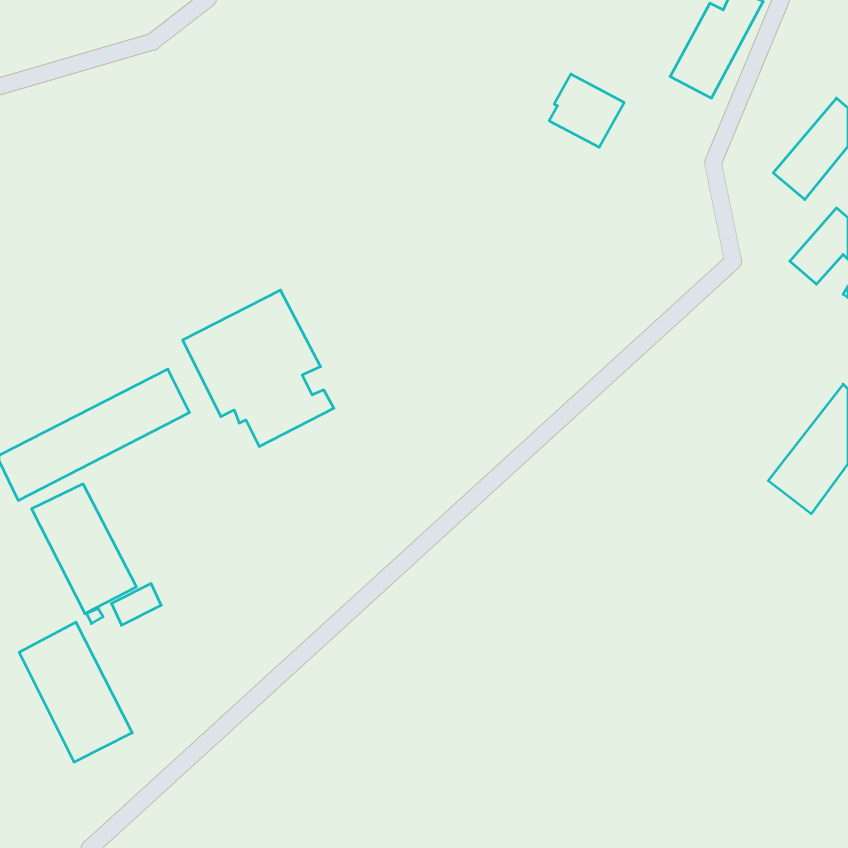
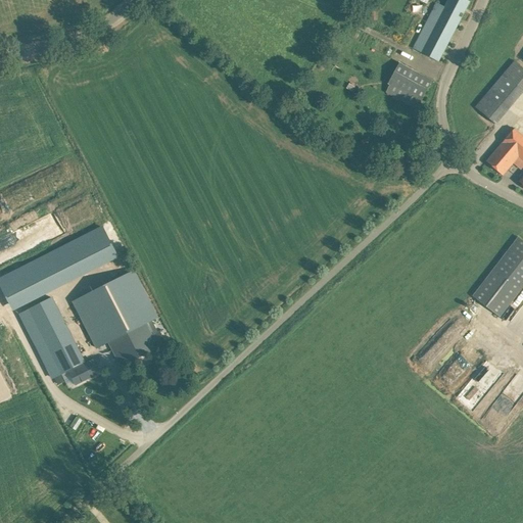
building: [549,74,624,147] -> [385,62,431,107]
building: [183,290,334,446] -> [73,270,165,366]
building: [19,622,132,762] -> none

